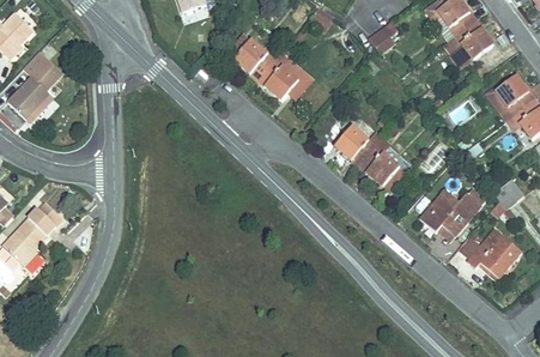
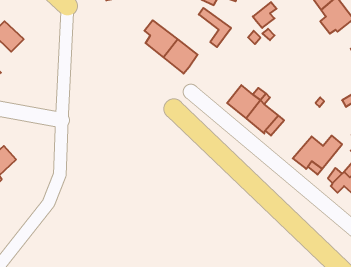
building: [273,59,314,108] -> [199,8,231,47]

